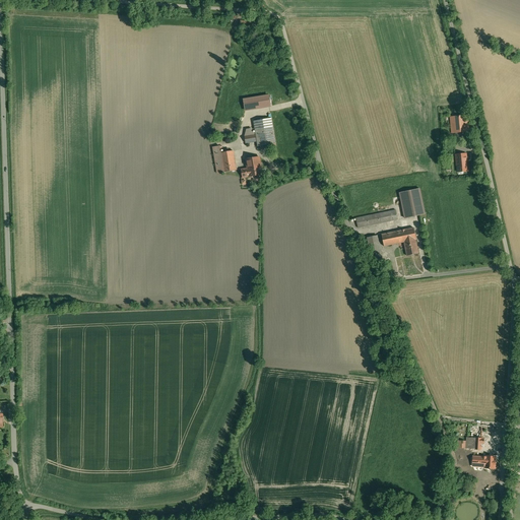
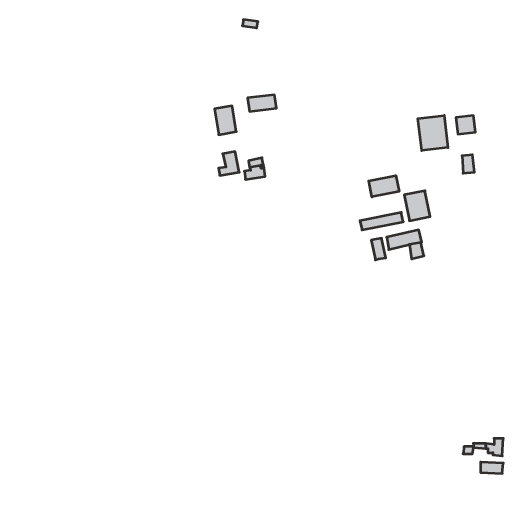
building: none -> [418,115,448,151]
building: [253,117,274,145] -> [215,106,236,135]
building: none -> [369,176,399,197]

